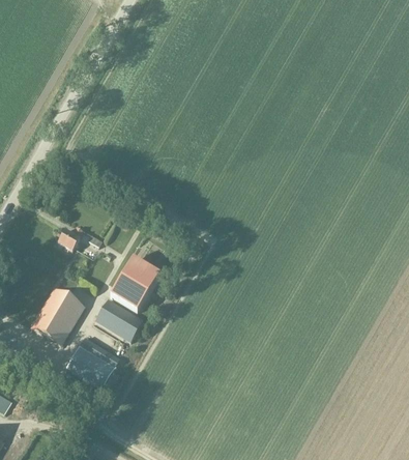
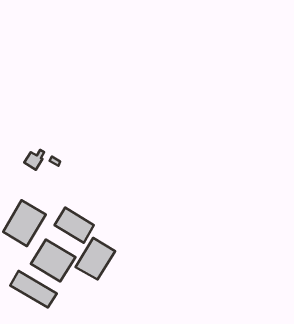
building: [110,258,158,310] -> [76,238,115,280]
building: none -> [10,271,57,308]

